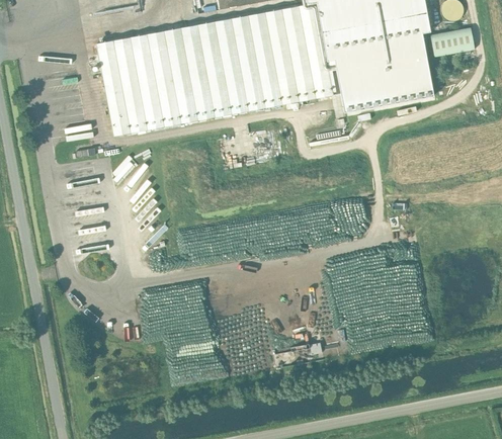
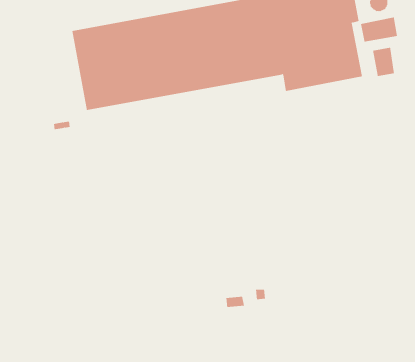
building: none -> [373,47,395,77]

